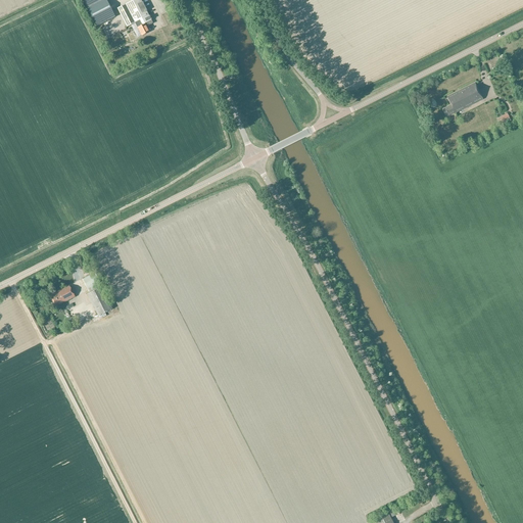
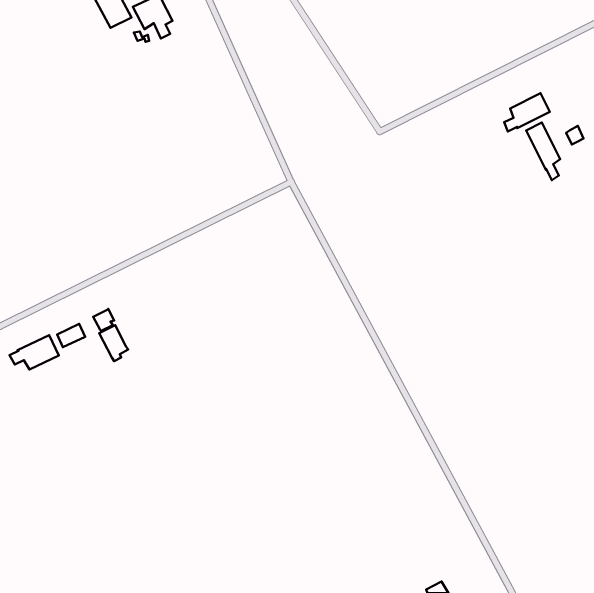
building: none -> [526,123,560,180]
building: none -> [9,335,59,369]

